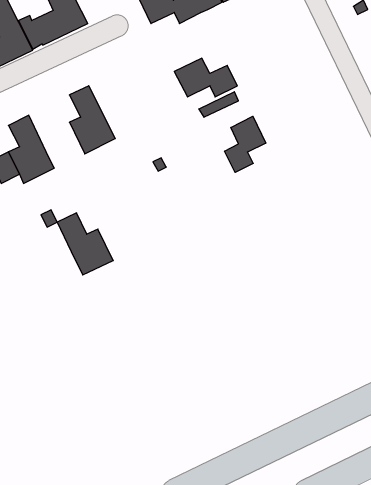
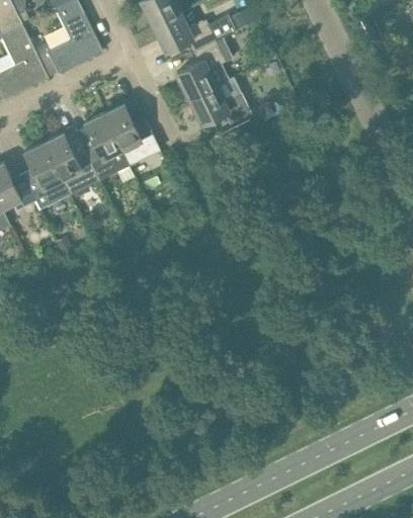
building: none -> [176,36,232,98]
building: none -> [103,102,159,158]
building: [225,116,266,172] -> none
building: [57,213,113,275] -> [44,133,99,194]

